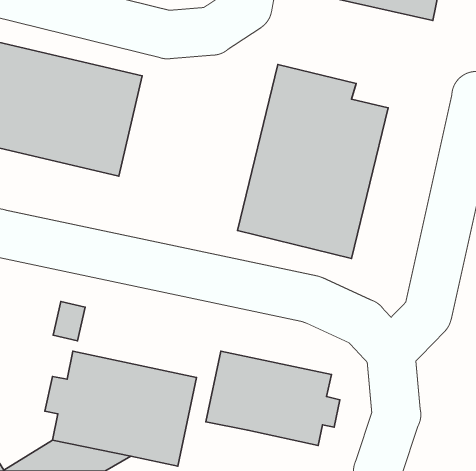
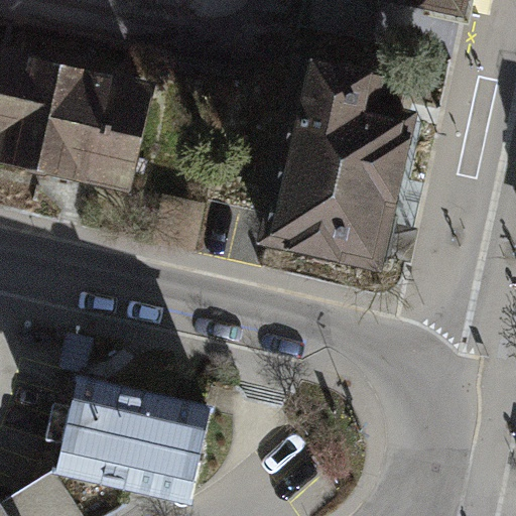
building: [206,351,340,446] -> none

